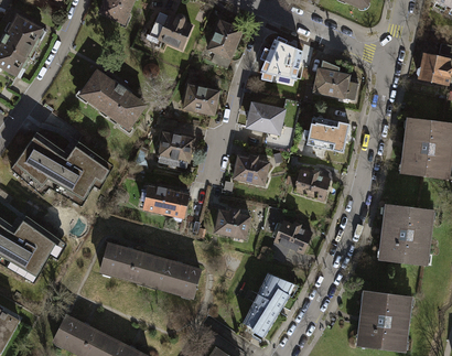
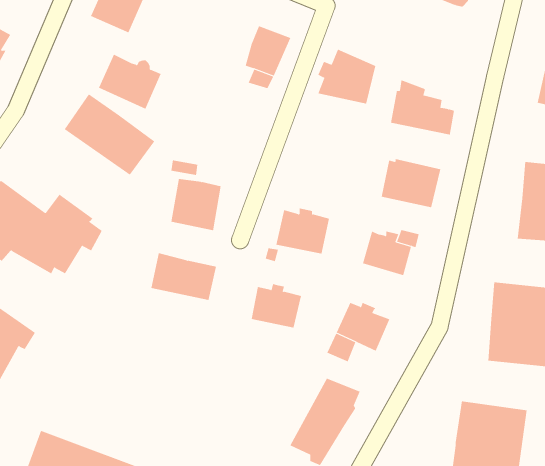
building: [148,12,193,52] -> [98,54,161,109]
building: [182,84,218,115] -> none
building: [244,100,283,133] -> none
building: [99,236,204,292] -> none

